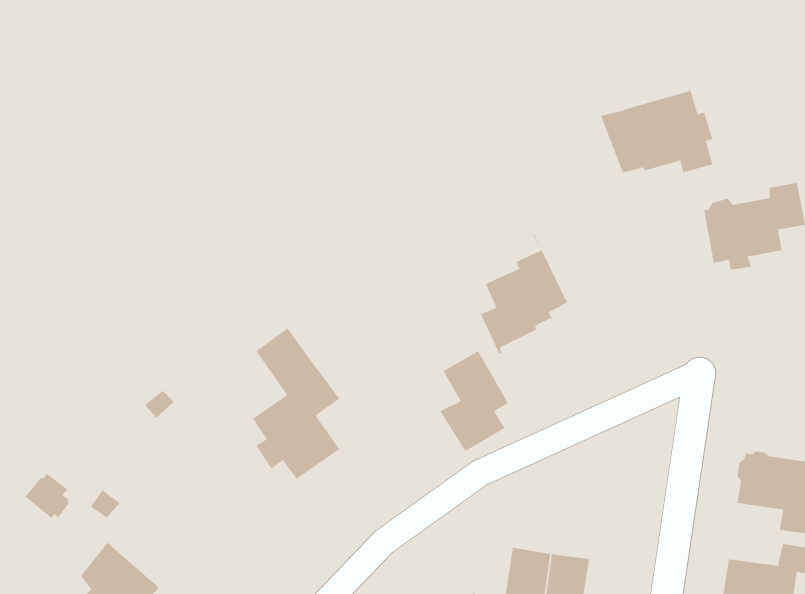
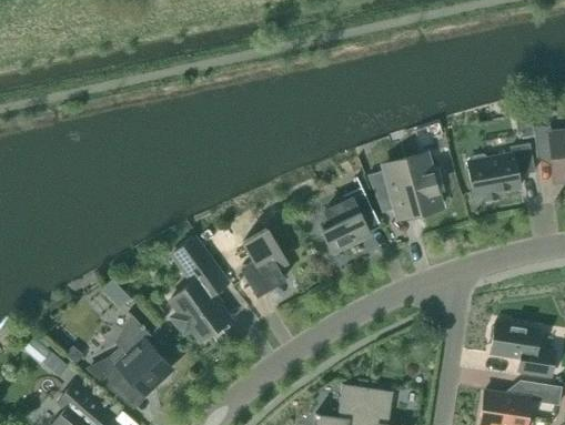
building: [600,90,713,173] -> [367,158,442,212]
building: [440,350,509,452] -> [241,227,286,294]
building: none -> [89,314,171,405]

